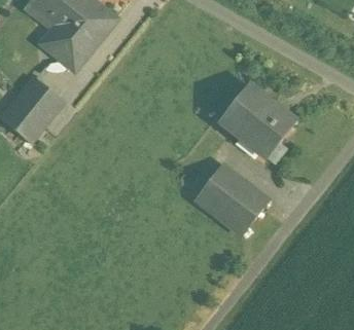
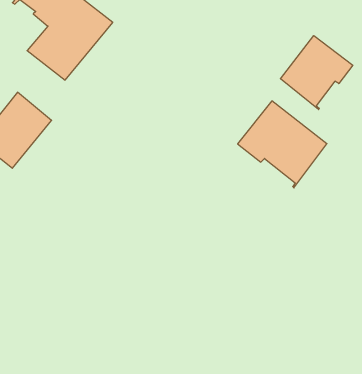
building: none -> [280,36,353,110]
building: [196,166,268,235] -> none

